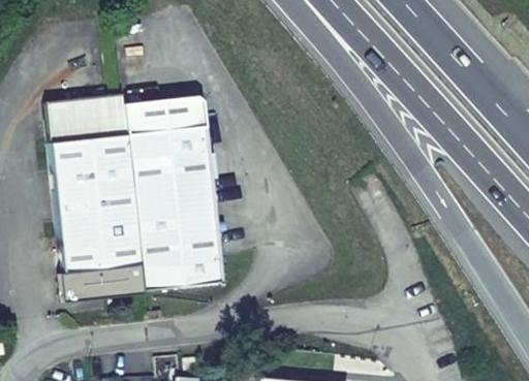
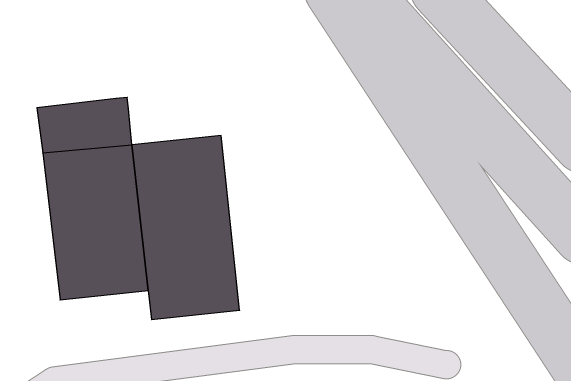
building: [125,95,208,136] -> none
building: [59,266,146,304] -> none

